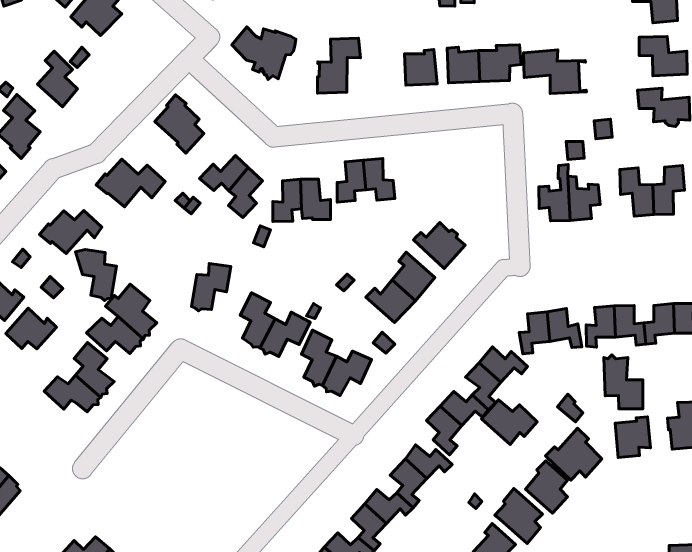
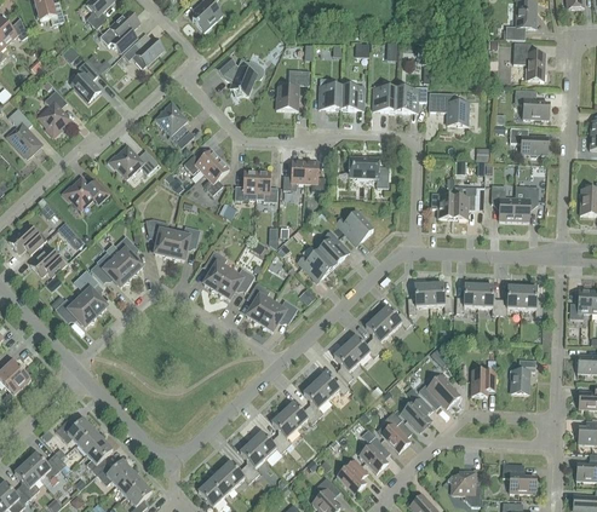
building: none -> [122,36,163,68]
building: none -> [318,77,341,108]
building: none -> [348,155,389,186]
building: [75,249,116,300] -> [145,218,174,257]
building: [604,355,643,409] -> none
building: [482,400,537,444] -> none

